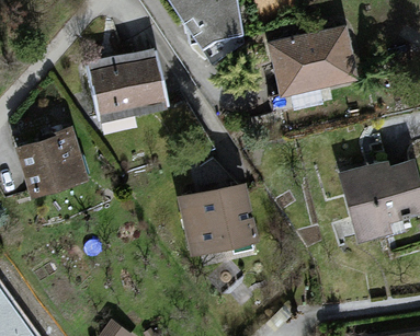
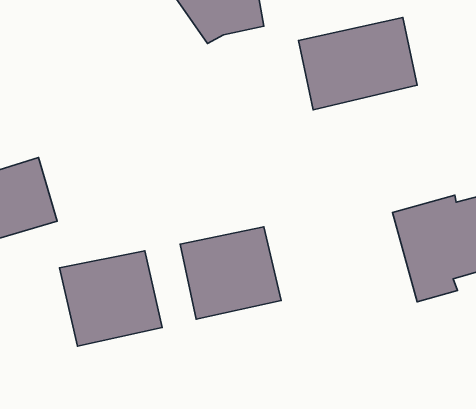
building: [89,48,164,118] -> none
building: none -> [59,251,162,346]

